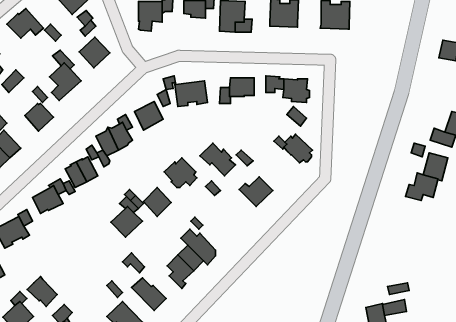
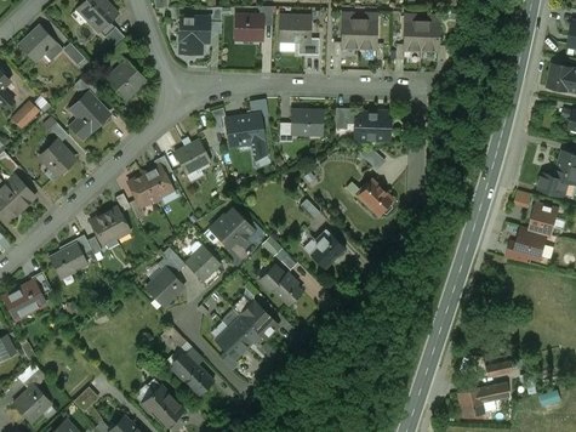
building: [200,143,235,176] -> [258,265,302,305]
building: [27,277,57,306] -> none

